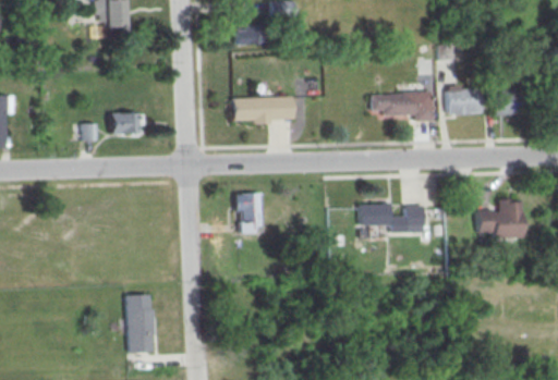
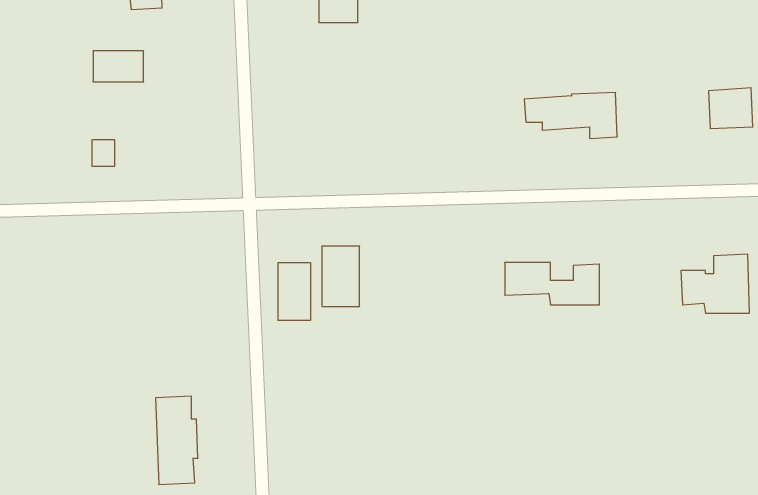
building: [447,88,482,114] -> none
building: [233,97,293,124] -> none
building: [111,113,145,134] -> [93,51,144,82]
building: none -> [278,263,310,320]

